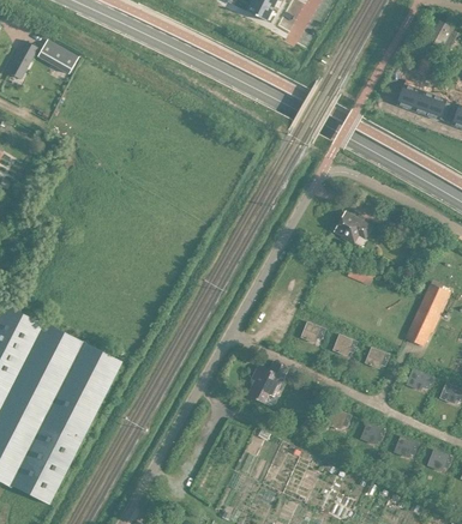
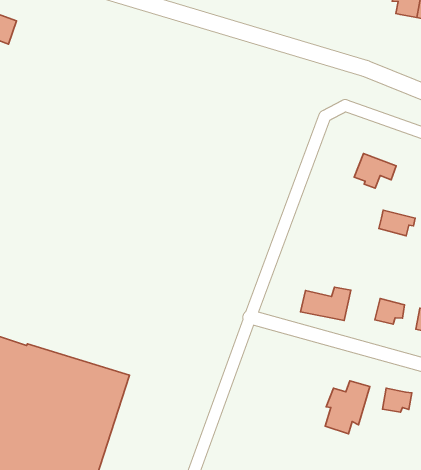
building: [246,360,288,403] -> [325,381,370,434]

